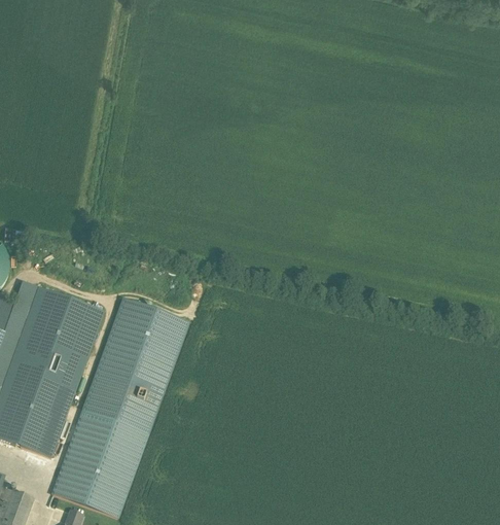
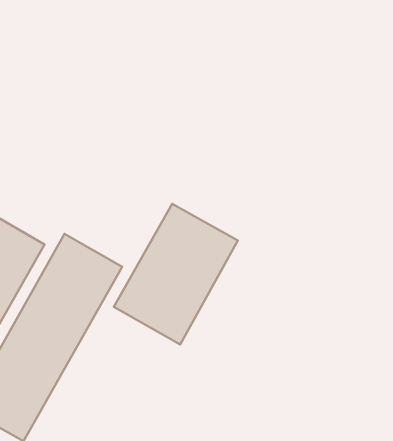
building: none -> [114,204,238,345]

